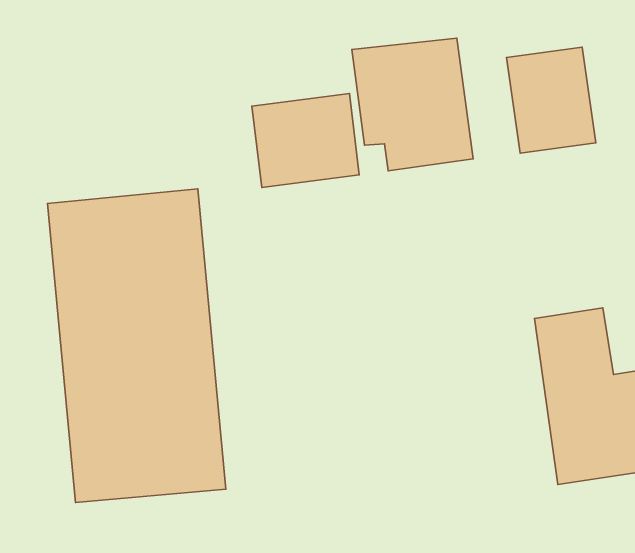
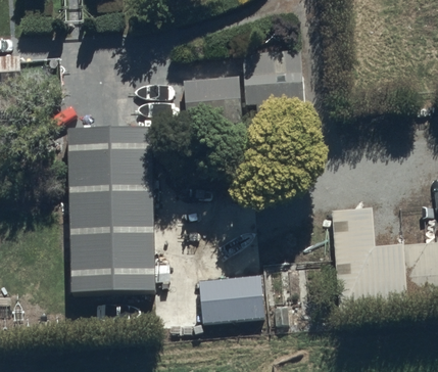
building: [507,47,596,153] -> none
building: none -> [199,272,263,322]

